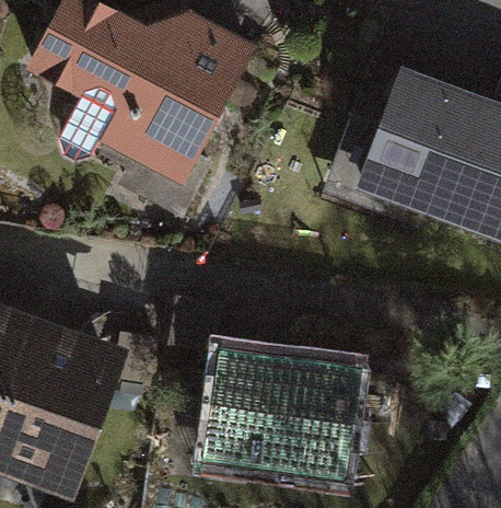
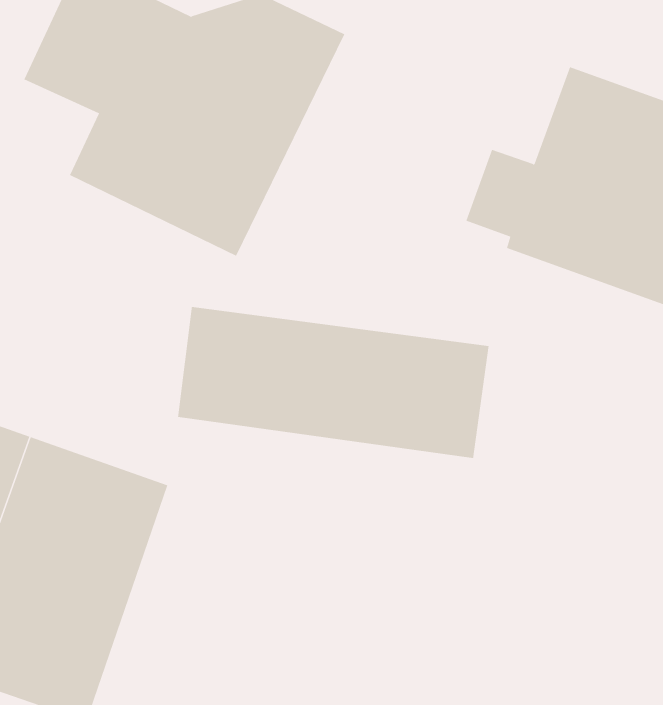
building: none -> [177,306,489,459]
building: [207,353,364,482] -> none

